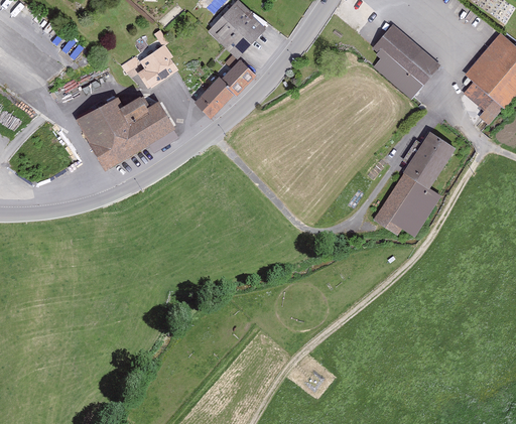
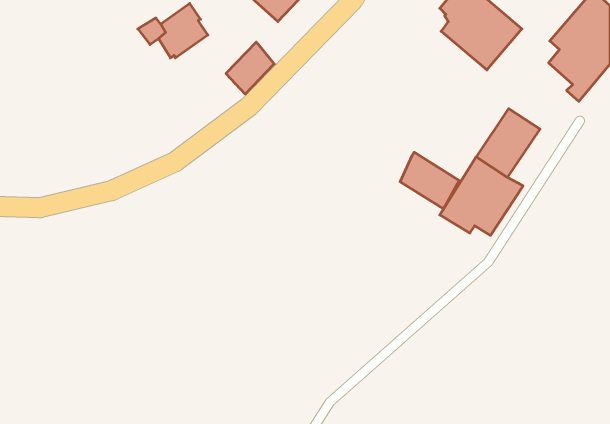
building: [221,58,256,96] -> none
building: [77,97,175,170] -> none
building: none -> [400,152,459,209]

